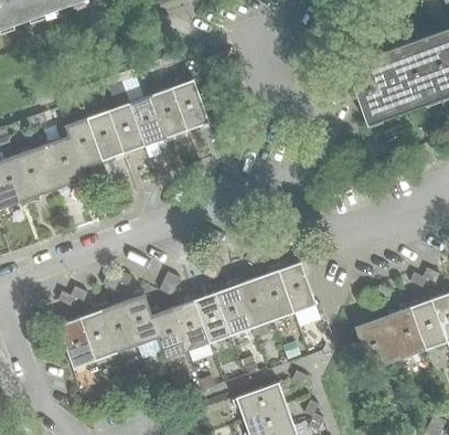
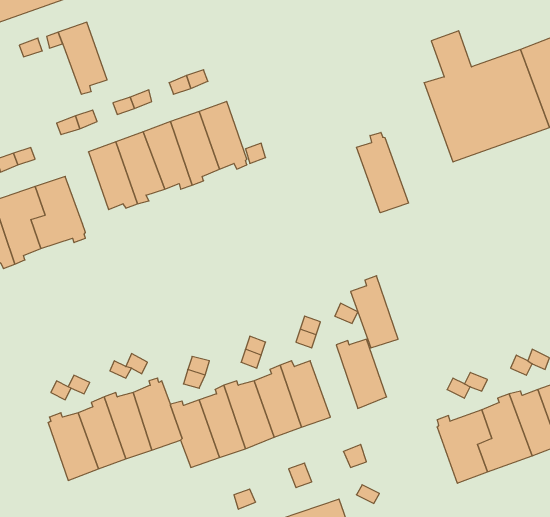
building: none -> [356,132,409,213]
building: [65,118,103,173] -> [58,22,107,94]
building: [257,266,293,321] -> [351,276,398,348]

